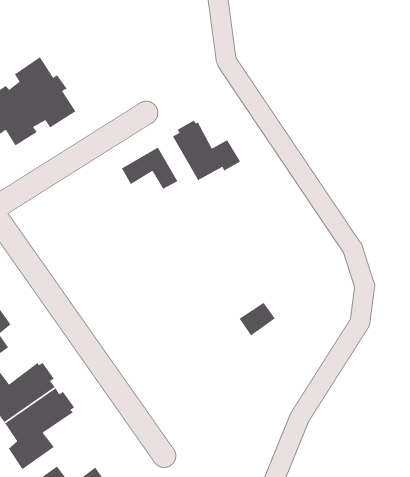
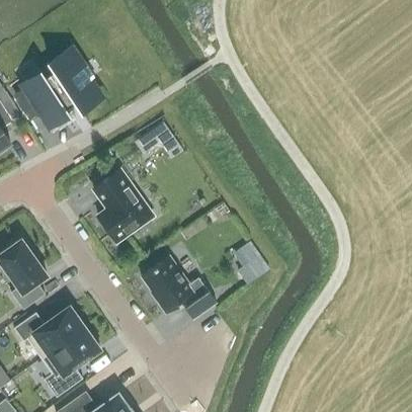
building: [172,120,241,181] -> none
building: none -> [93,169,153,241]
building: none -> [141,255,216,319]

